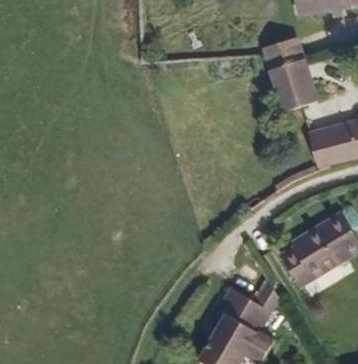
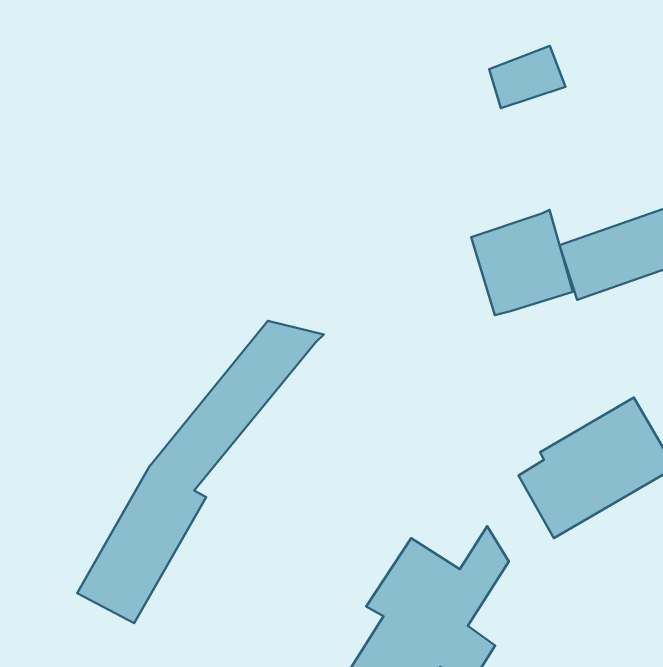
building: [273,54,325,108] -> [471,210,573,315]
building: none -> [77,321,324,623]

